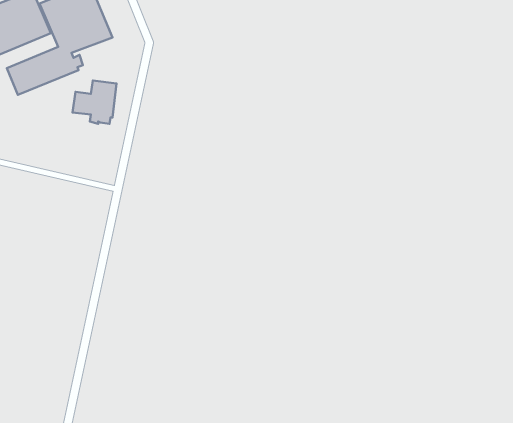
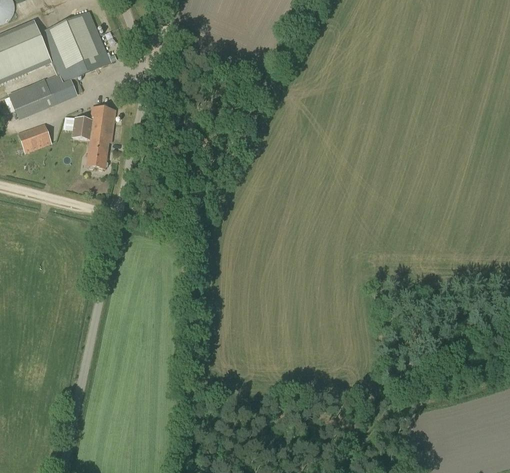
building: none -> [17,123,52,153]
building: none -> [86,146,108,169]

